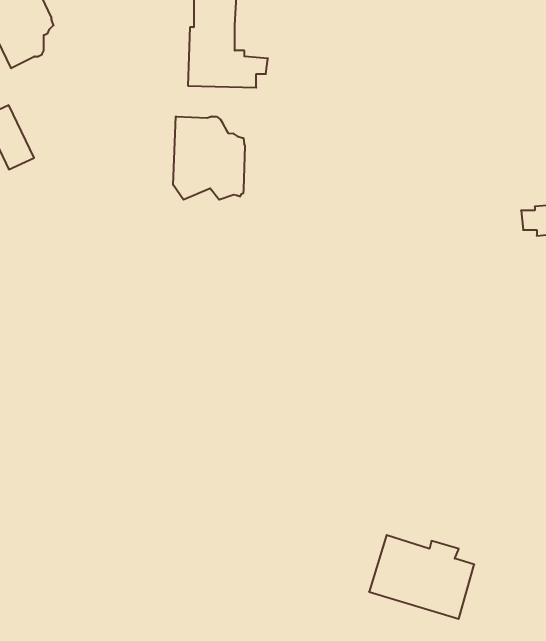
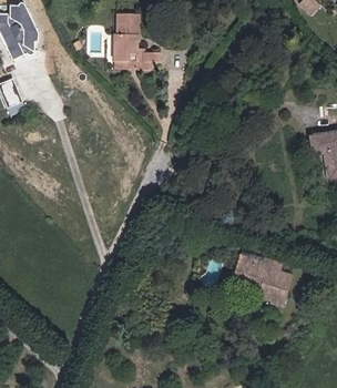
building: [173,116,245,200] -> none
building: [369,535,474,619] -> [229,254,289,302]

